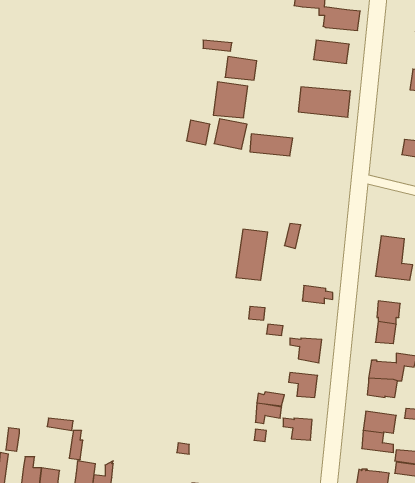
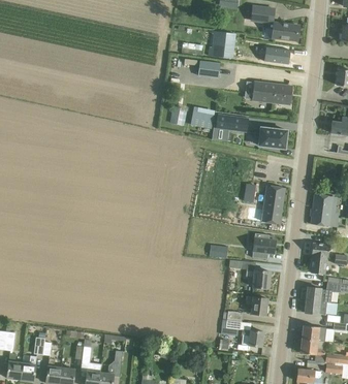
building: [213,82,248,118] -> [209,31,234,58]
building: none -> [261,130,288,149]
building: [236,229,268,280] -> [261,186,285,224]

